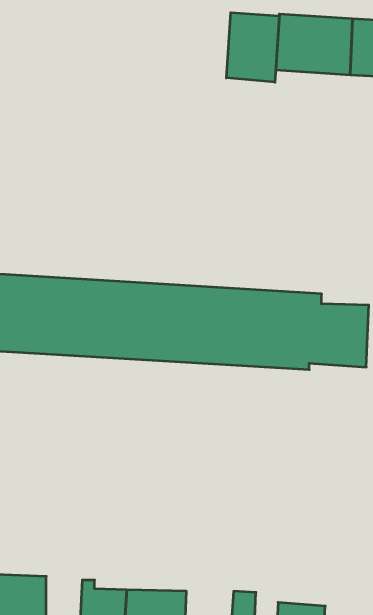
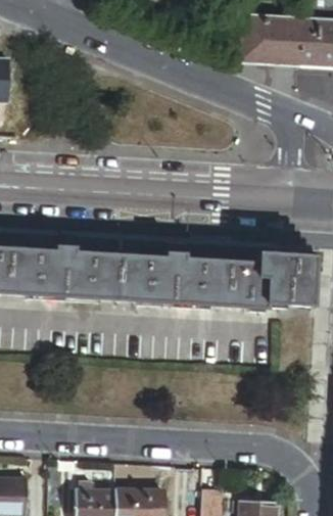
building: [226,13,279,82] -> none

